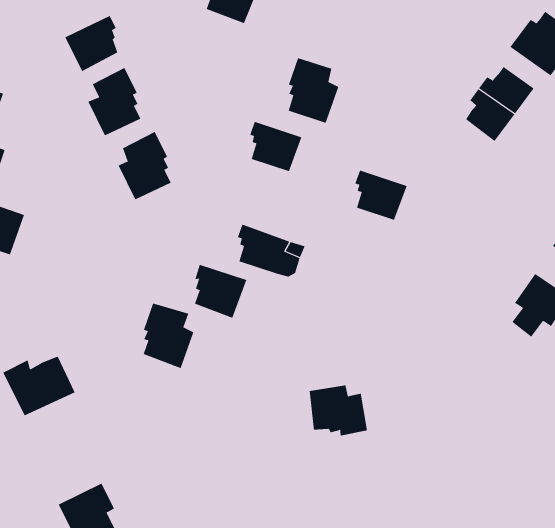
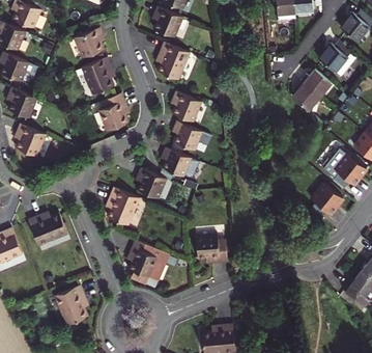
building: [288,58,339,124] -> [156,43,185,80]
building: [355,170,408,220] -> [173,121,202,151]
building: none -> [127,240,168,283]

